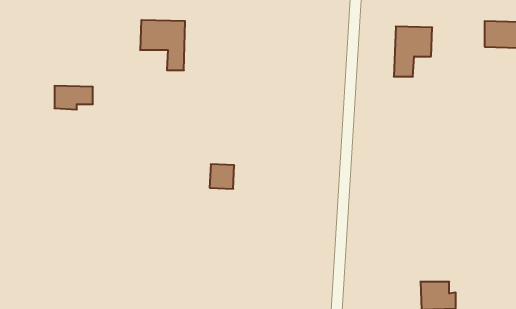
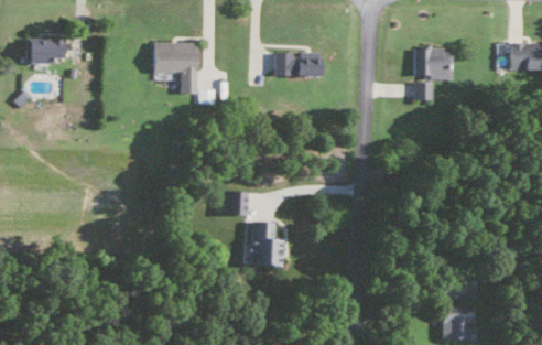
building: none -> [274,52,319,76]
building: [54,86,93,109] -> [26,40,66,64]
building: none -> [249,222,283,267]

